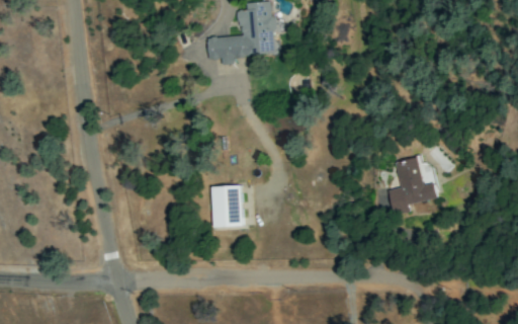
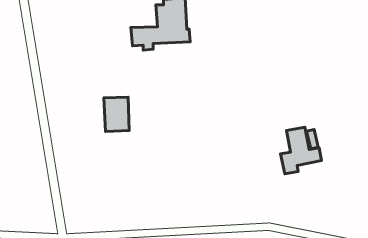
building: [211,186,242,228] -> [104,97,129,131]

